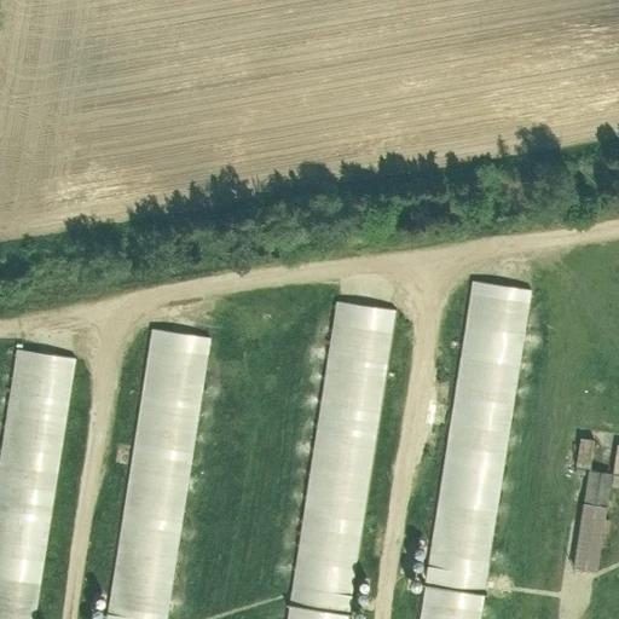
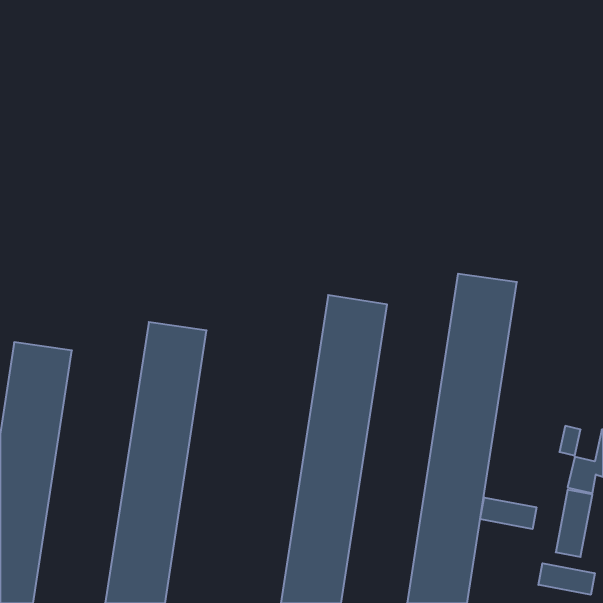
building: none -> [480,497,536,529]
building: none -> [538,563,595,595]

